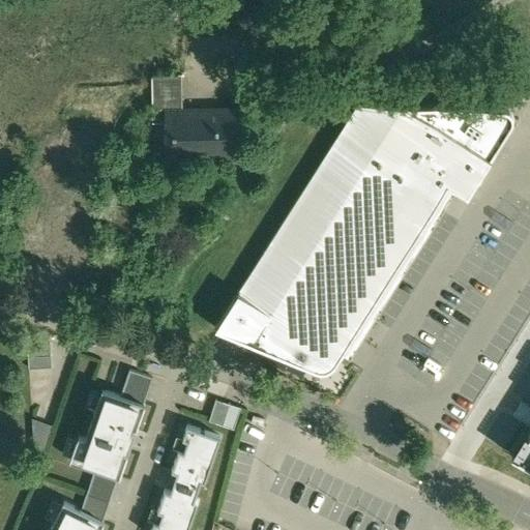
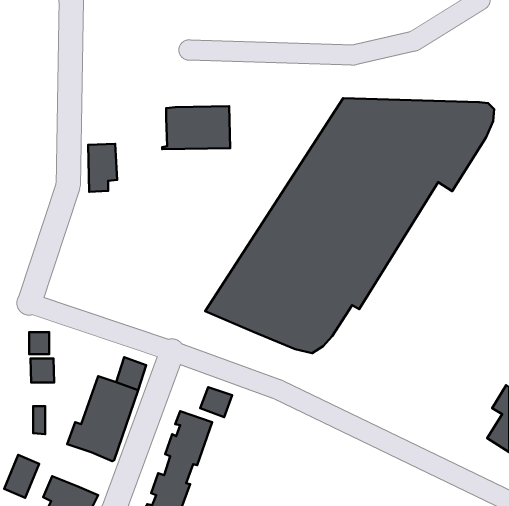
building: [151,79,181,128] -> [88,144,117,192]
building: none -> [30,359,54,382]
building: [80,473,116,518] -> [4,455,39,498]

